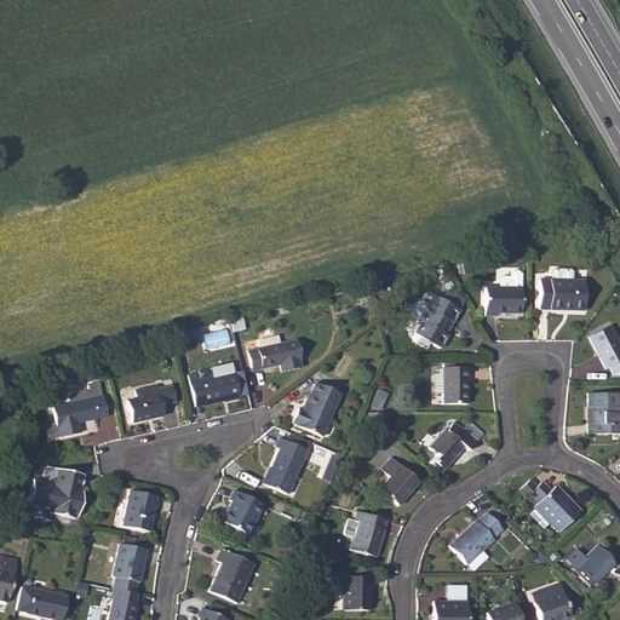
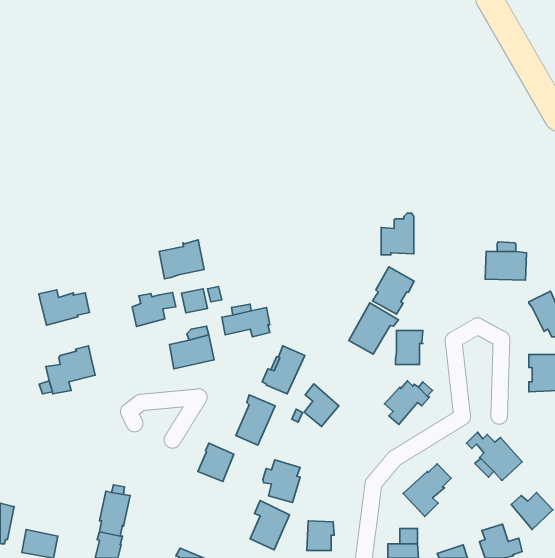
building: none -> [159,240,204,279]
building: [487,269,523,315] -> [381,213,414,255]
building: none -> [39,290,89,325]
building: none -> [349,303,399,354]
building: [128,385,177,423] -> [132,293,176,326]
building: [381,457,420,504] -> [304,384,339,426]
building: [29,466,85,518] -> none
building: [125,490,159,532] -> none
building: [345,510,386,557] -> [263,460,300,502]
building: [211,549,254,603] -> [250,500,290,550]

